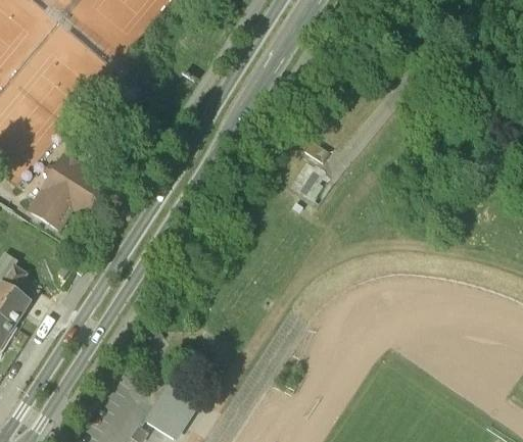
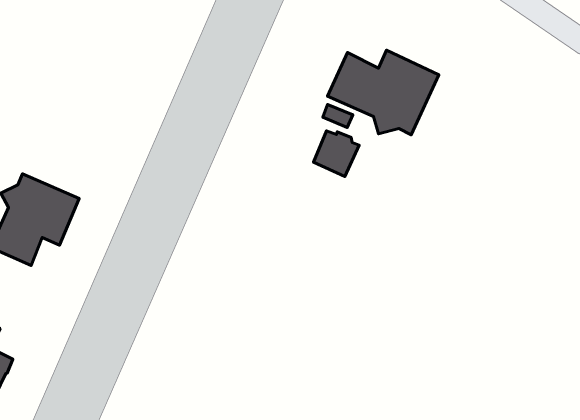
building: none -> [328,50,439,135]

